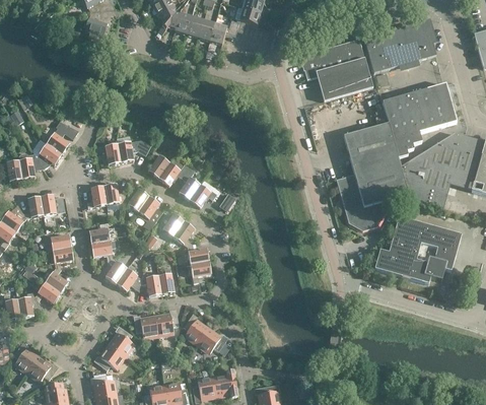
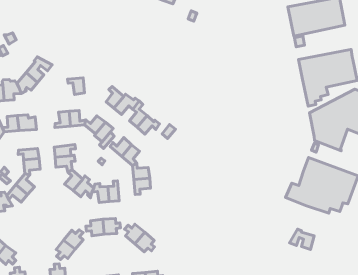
building: [299,37,372,99] -> none
building: [336,122,408,228] -> none
building: [117,134,151,160] -> none
building: none -> [290,229,314,249]

